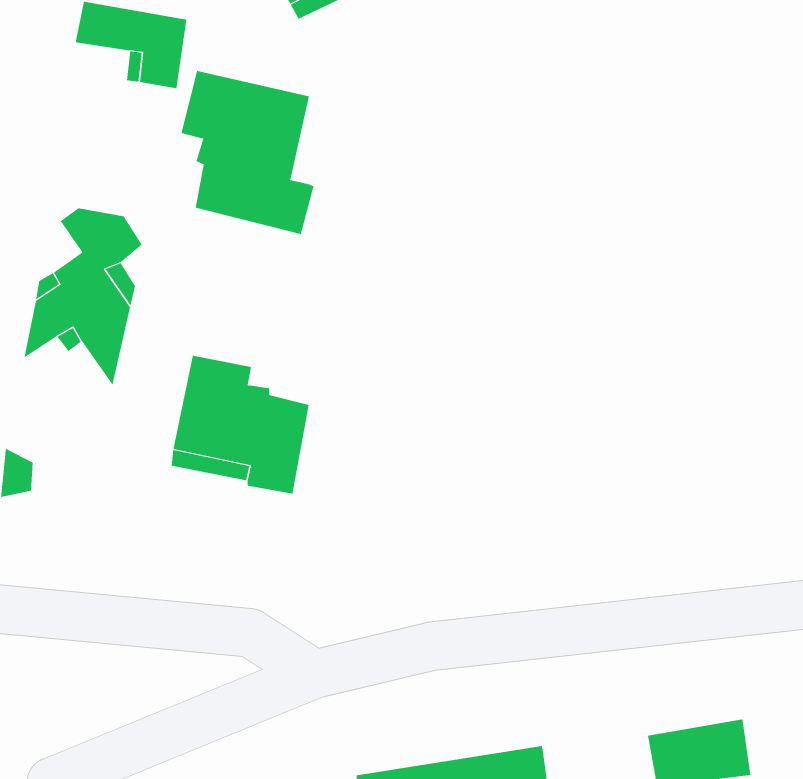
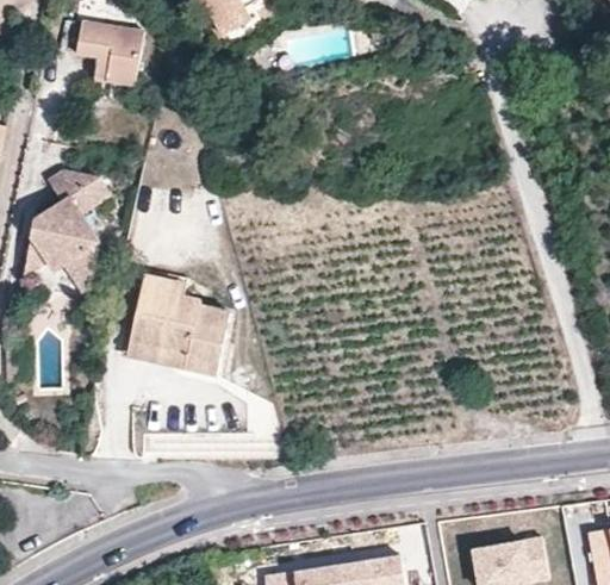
building: [181,70,314,235] -> none

